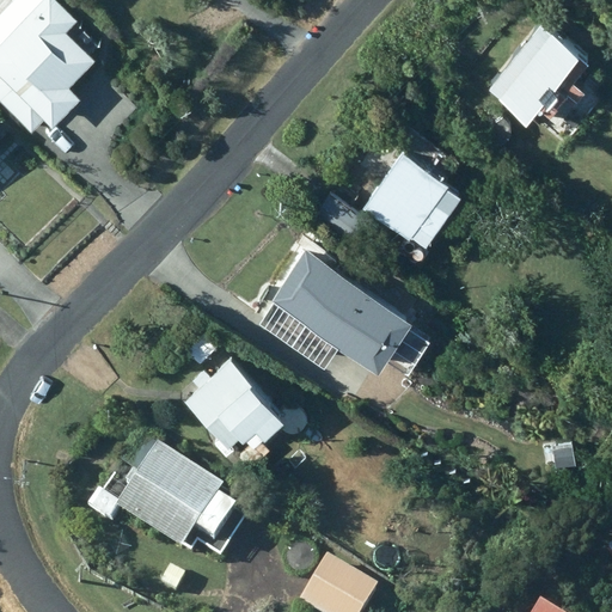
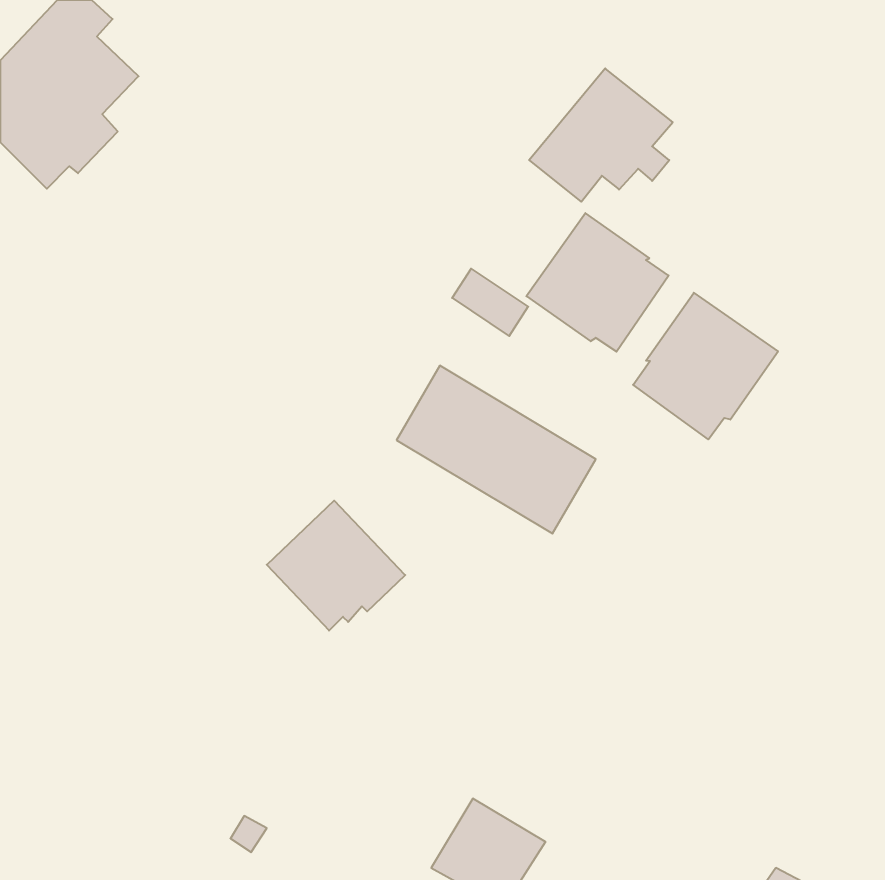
building: [491,23,590,115] -> [529,68,673,202]
building: none -> [633,293,778,439]
building: [85,433,234,549] -> none

